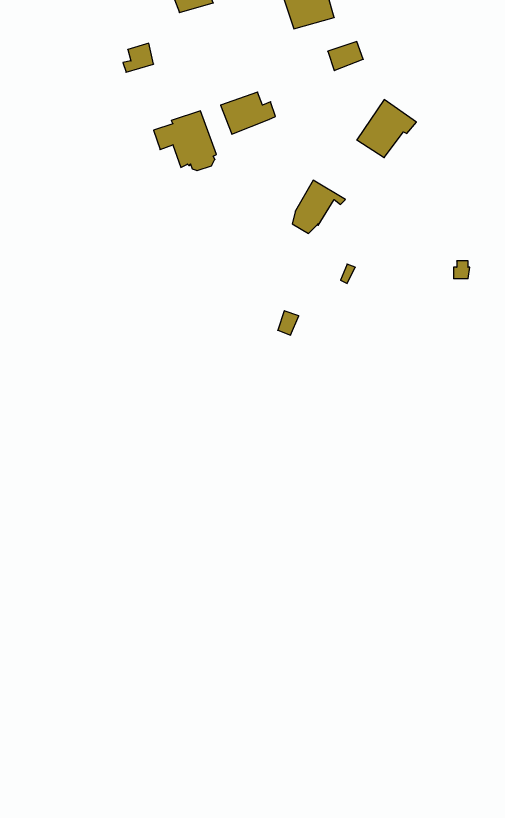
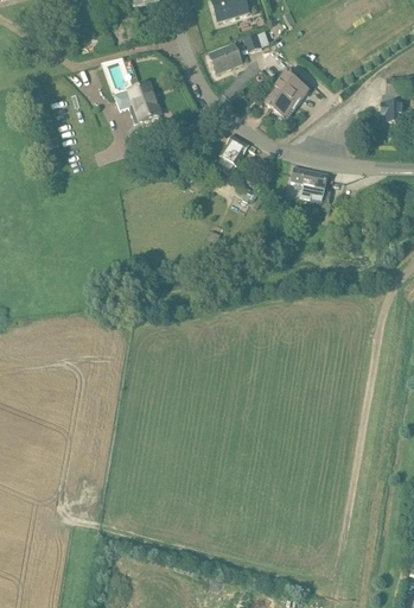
building: [221,92,275,134] -> [208,43,248,74]
building: none -> [291,167,327,201]

